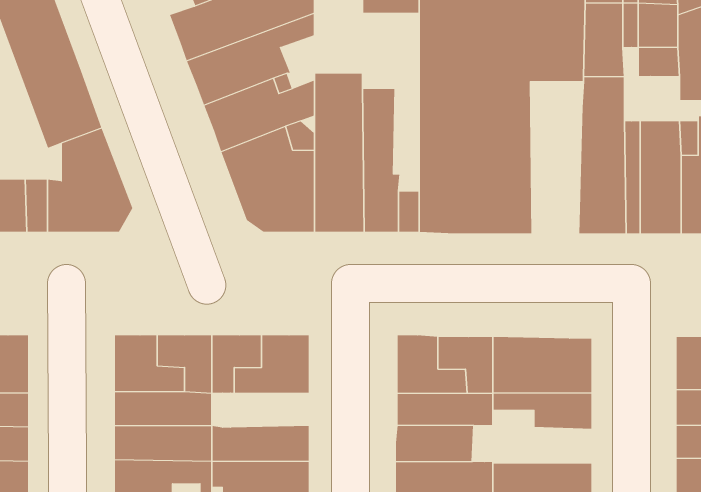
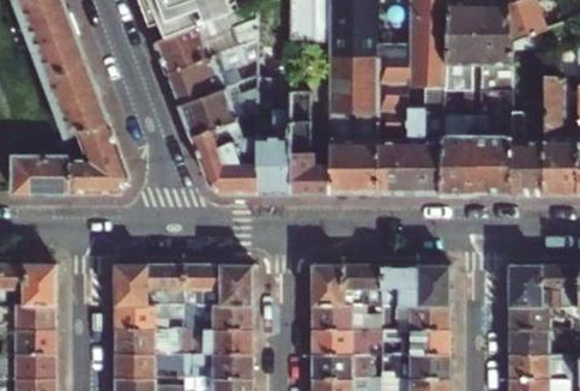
building: none -> [405,88,441,194]
building: none -> [182,306,250,330]
building: none -> [379,330,448,355]

